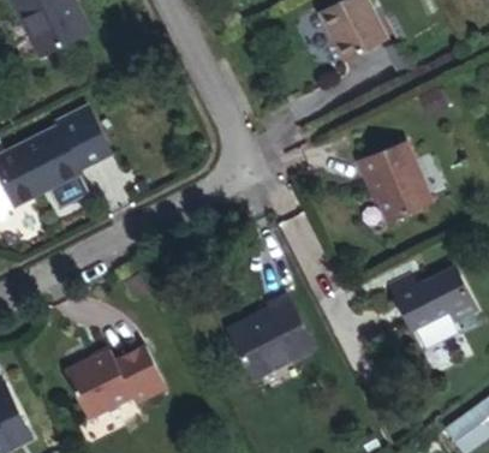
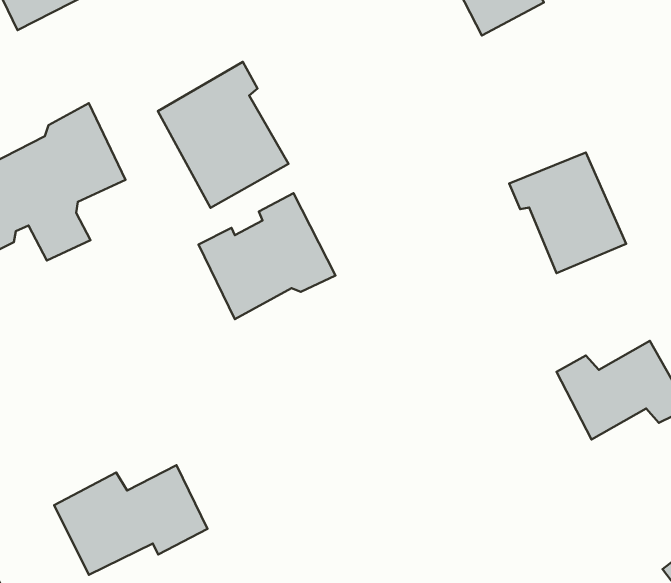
building: none -> [158,62,288,208]
building: [226,291,316,374] -> [198,193,336,319]

